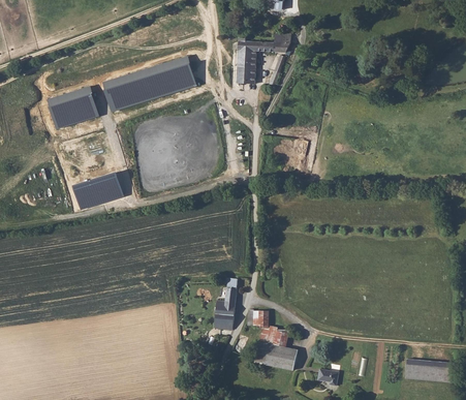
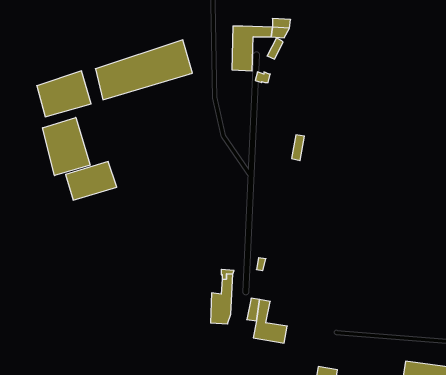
building: none -> [43,117,90,176]
building: [253,342,297,369] -> none

